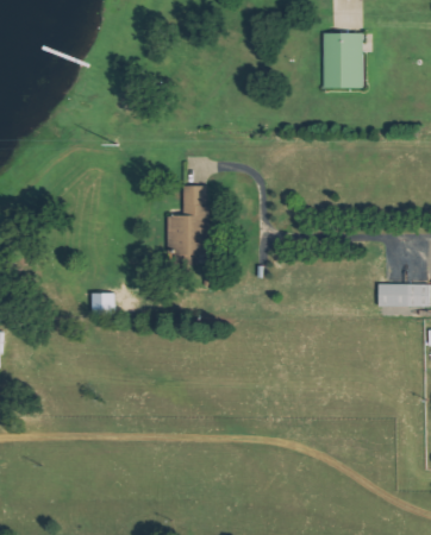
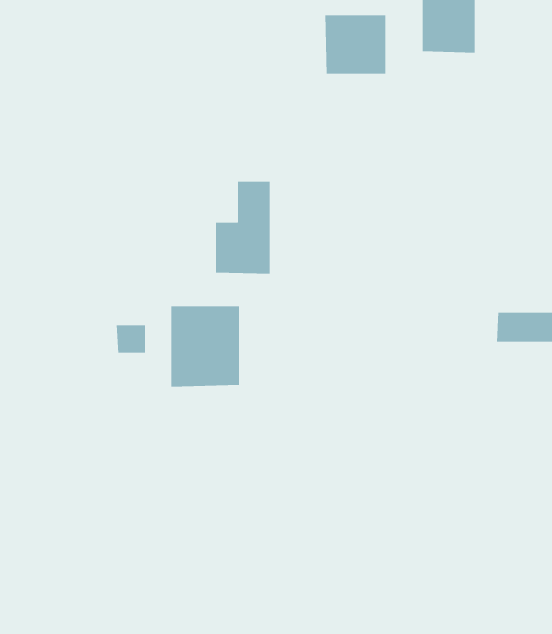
building: none -> [325,15,386,74]
building: none -> [171,306,239,387]

